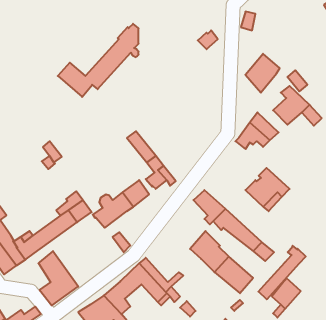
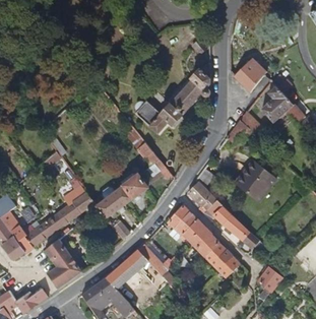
building: [58,24,139,97] -> [134,65,208,132]
building: none -> [166,205,197,238]
building: [258,246,306,299] -> none

